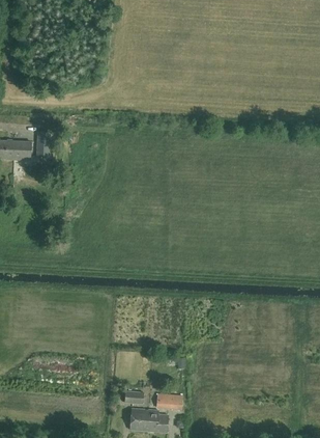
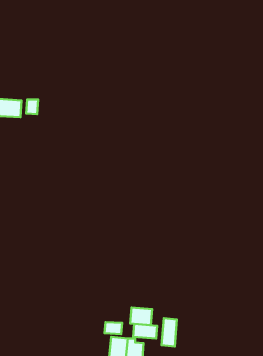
building: none -> [130,307,152,325]
building: none -> [162,318,177,346]

